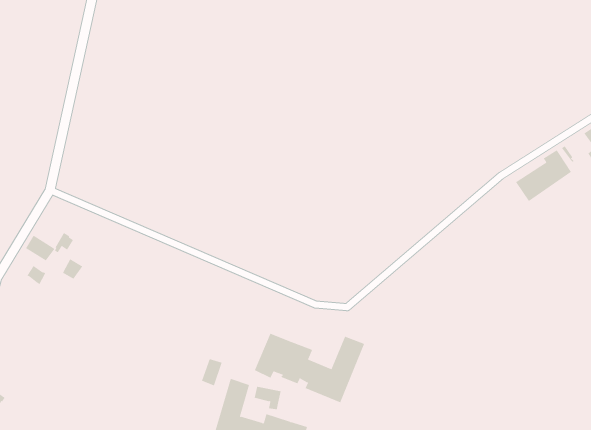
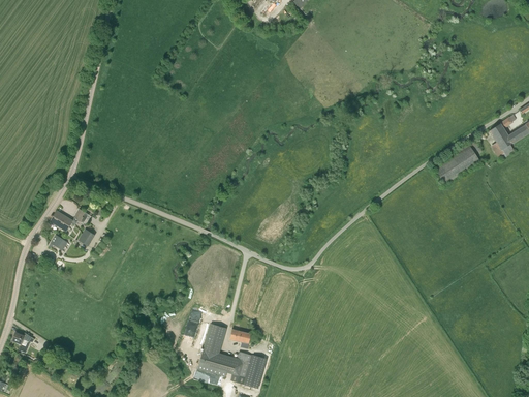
building: [254,333,365,403] -> none

